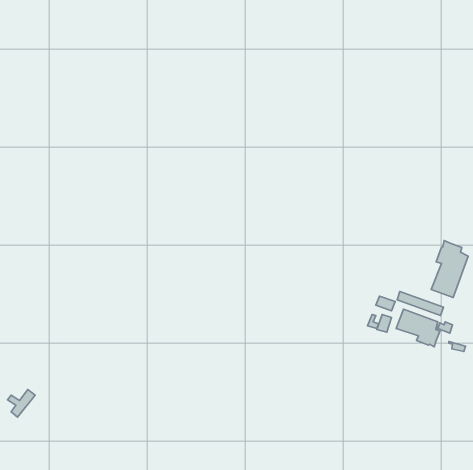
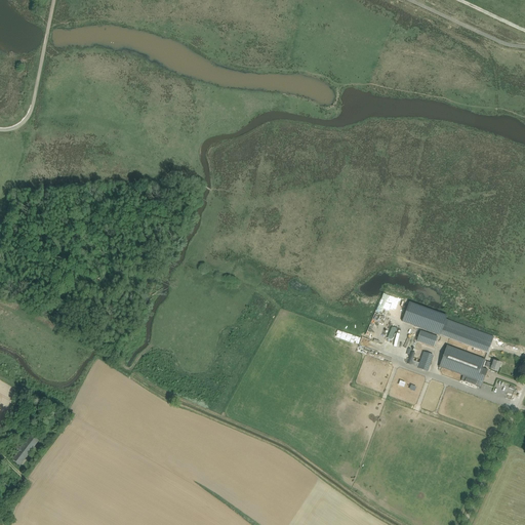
building: [431,241,468,297] -> none
building: none -> [402,299,429,325]

